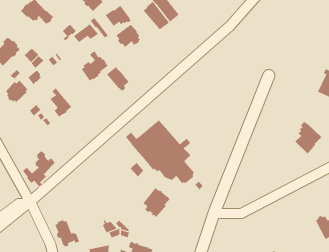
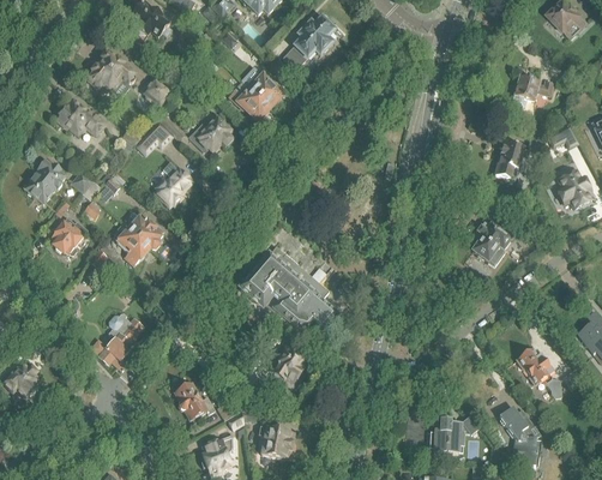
building: [105,5,132,27] -> none
building: [106,66,130,91] -> [127,214,162,247]
building: [54,219,80,247] -> [174,382,213,421]

